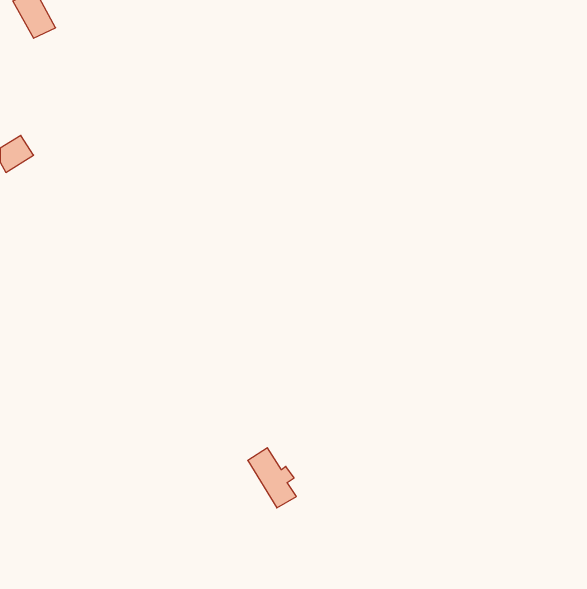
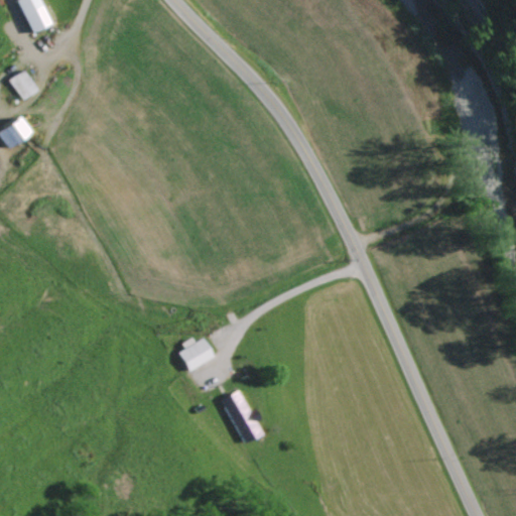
building: none -> [10,70,37,100]
building: none -> [178,337,215,369]

